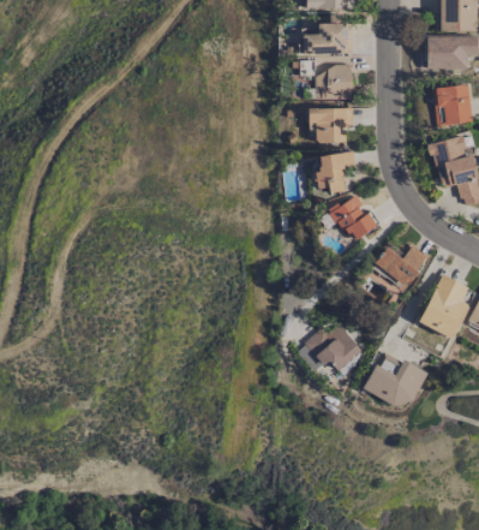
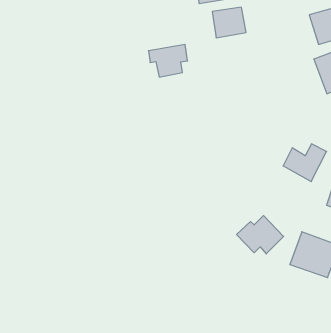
building: [309,108,354,143] -> [148,44,188,77]
building: [315,151,357,193] -> none
building: [331,195,376,243] -> none

